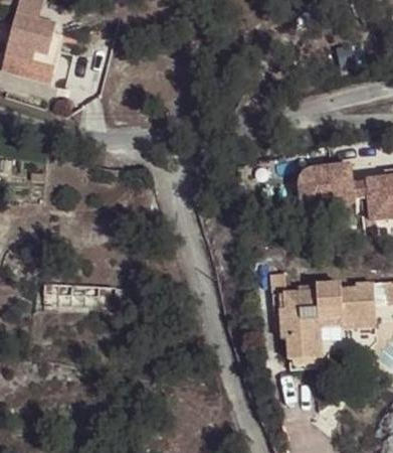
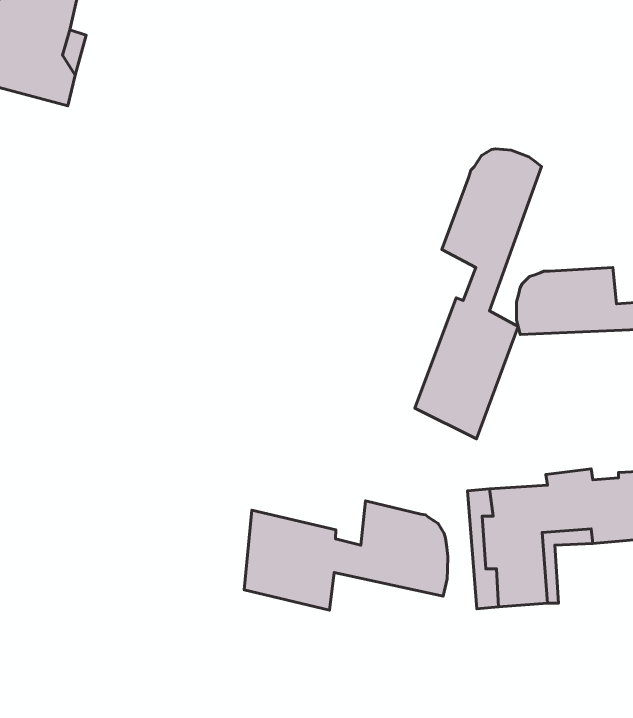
building: none -> [415,149,542,439]
building: none -> [244,501,448,610]

